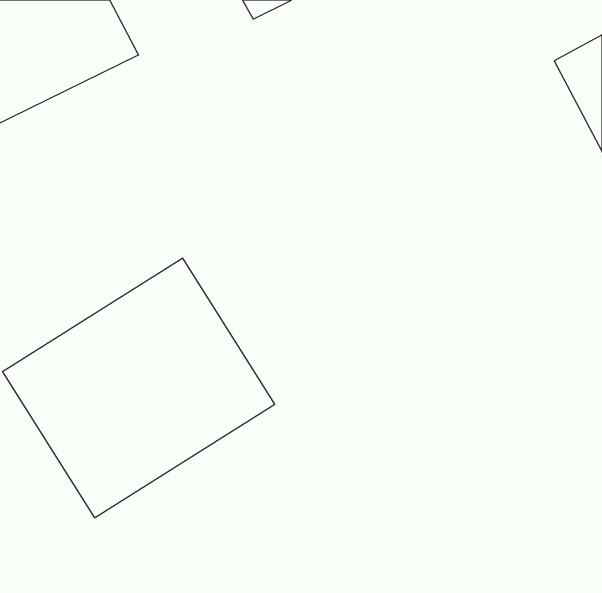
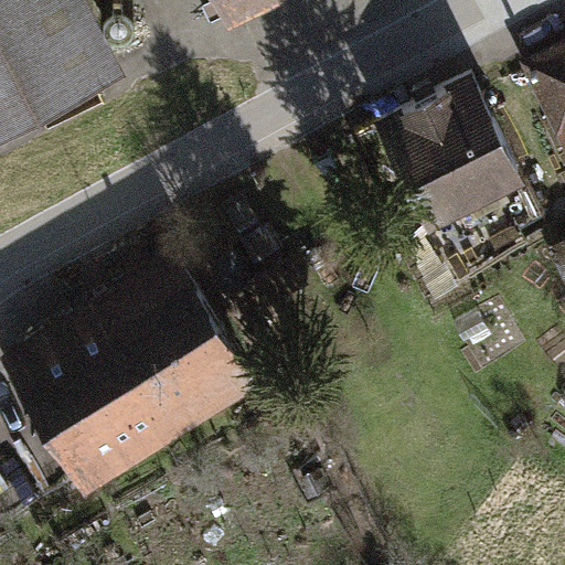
building: none -> [367,77,524,233]

